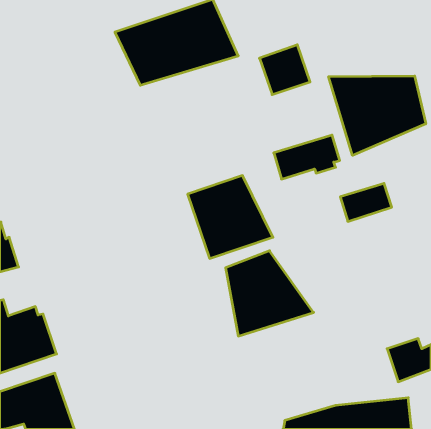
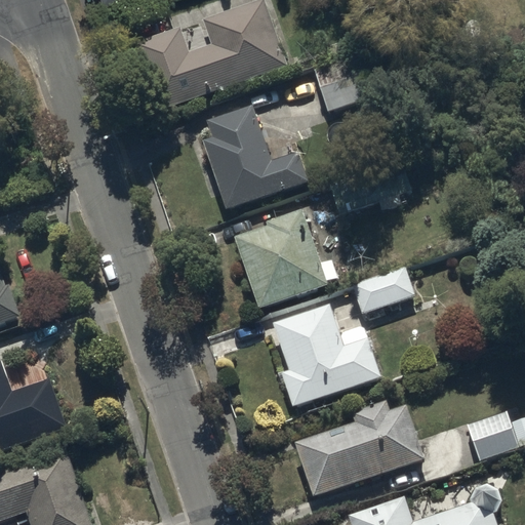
building: [329,76,426,155] -> none
building: none -> [206,105,307,216]
building: [340,183,392,221] -> [354,269,416,315]
building: none -> [285,401,416,500]

